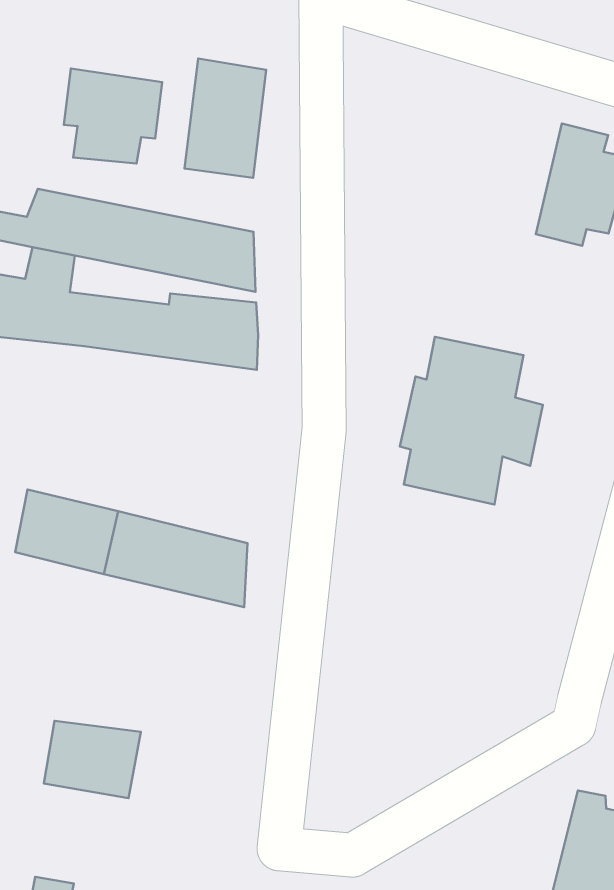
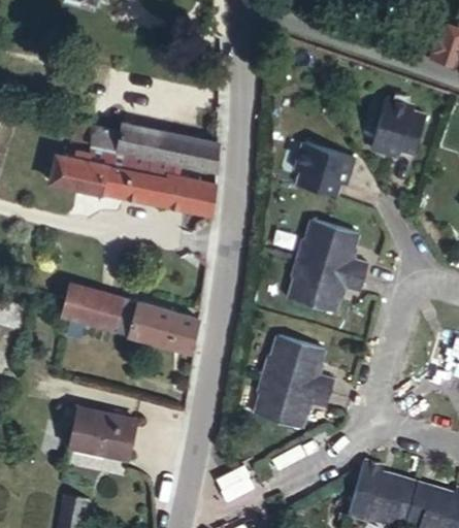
building: [184,59,266,178] -> none
building: [64,68,162,163] -> none
building: none -> [282,138,346,192]
building: none -> [252,337,337,435]

